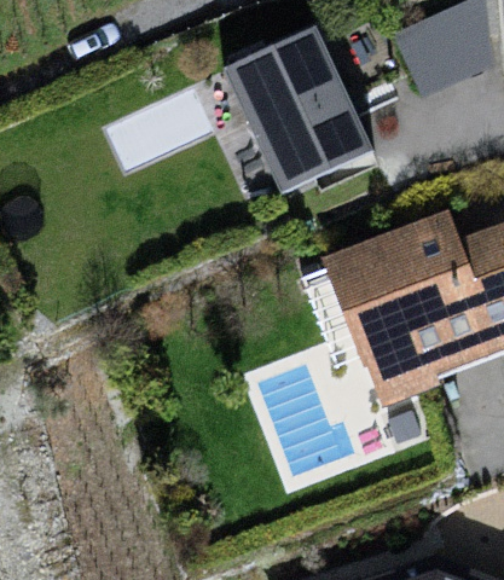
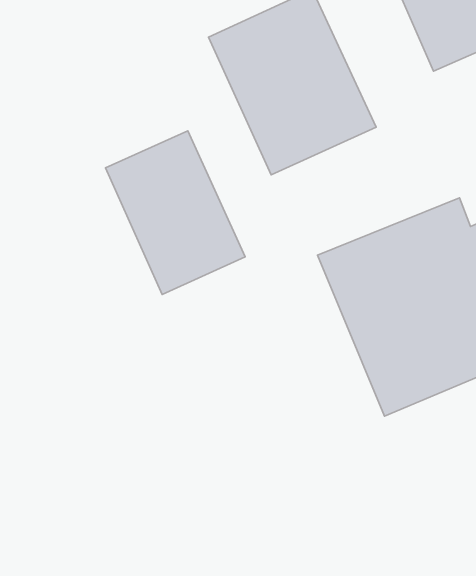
building: none -> [106,131,245,295]

